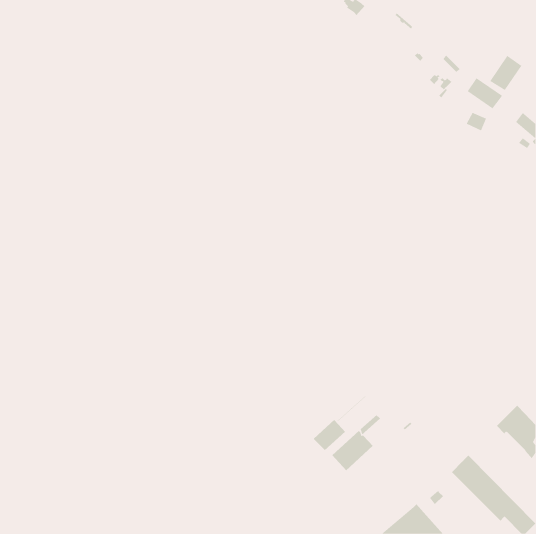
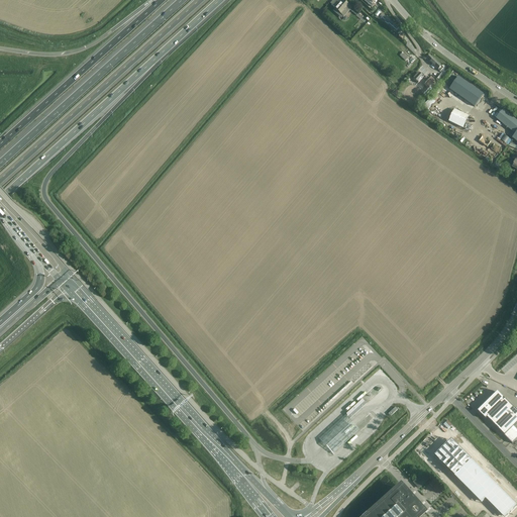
building: [490,55,522,91] -> none
building: [313,419,346,451] -> none

